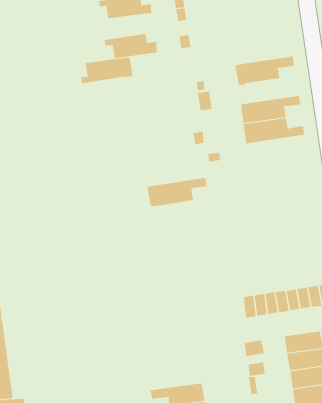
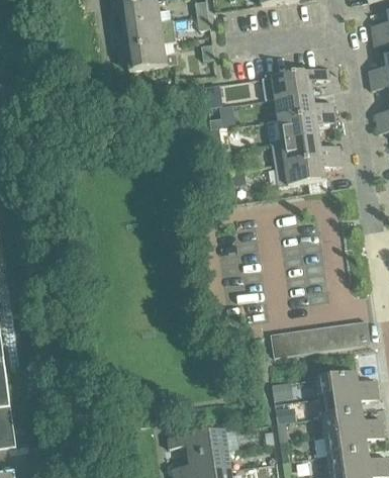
building: [80,57,133,84] -> [115,20,174,50]
building: none -> [273,92,332,119]
building: [146,177,208,207] -> [273,155,341,187]

